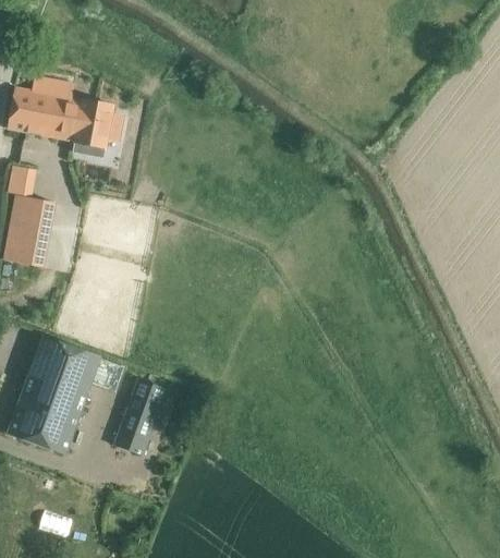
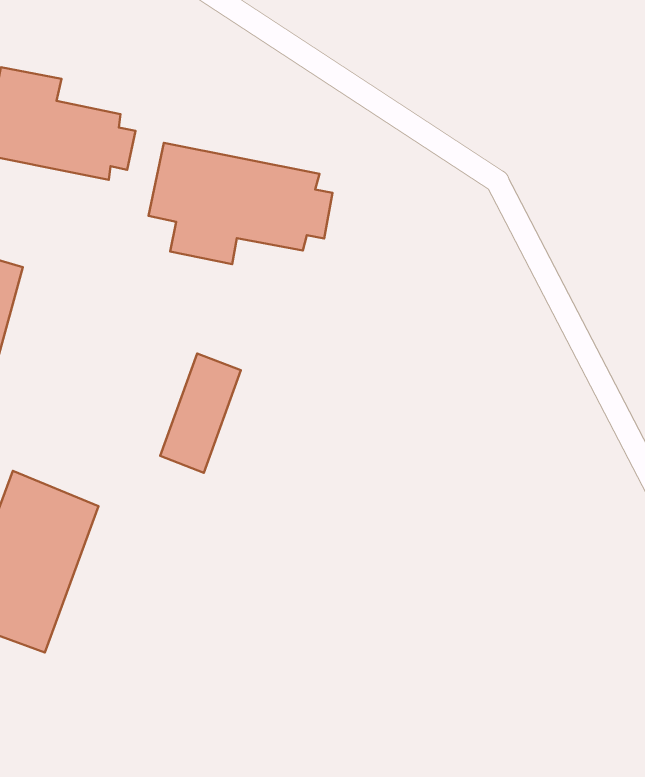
building: none -> [149,143,333,264]
building: [115,378,168,456] -> [160,353,241,473]

